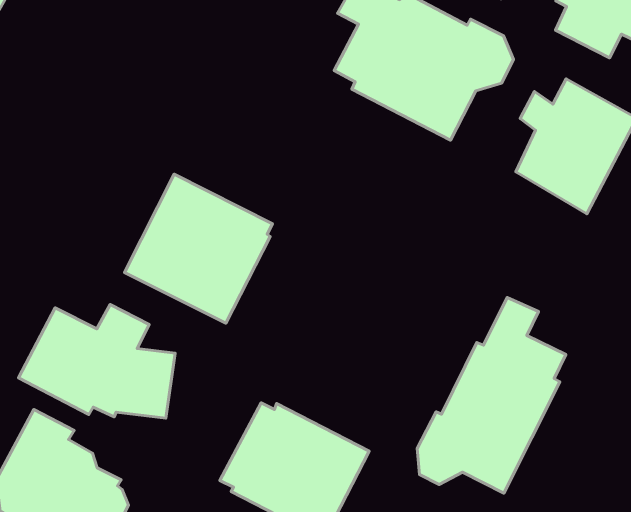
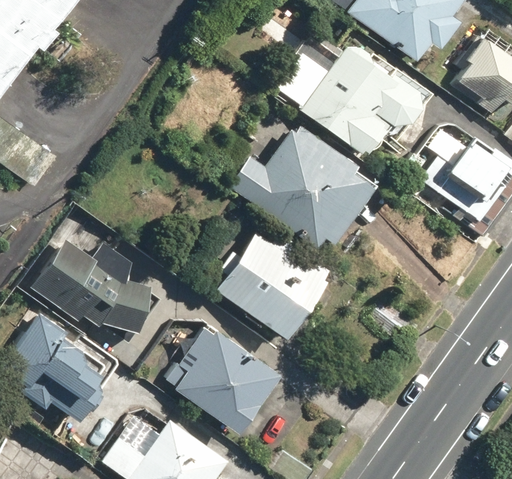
building: none -> [229,127,377,247]
building: [125,174,273,323] -> [218,225,329,337]
building: [417,298,566,493] -> none

